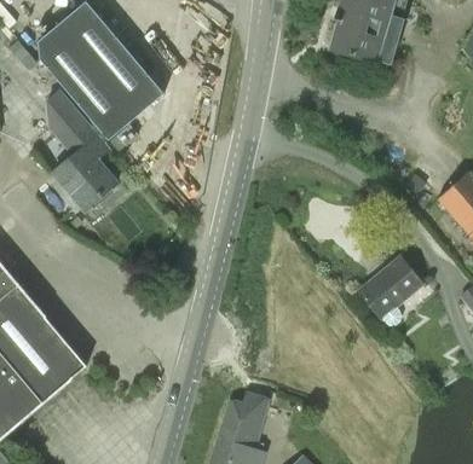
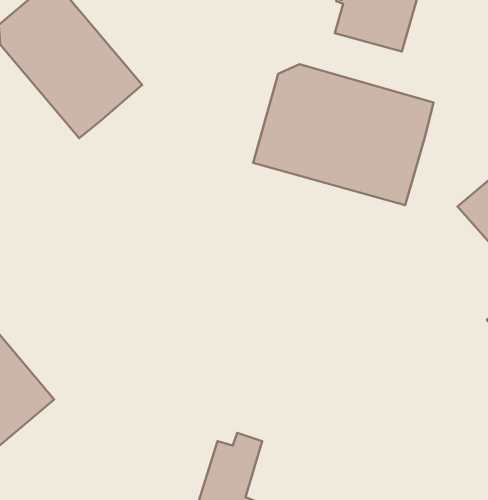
building: none -> [253,64,434,205]
building: [45,91,116,210] -> none
building: [357,257,421,325] -> none

